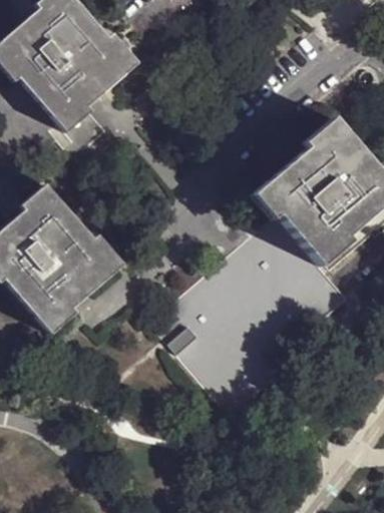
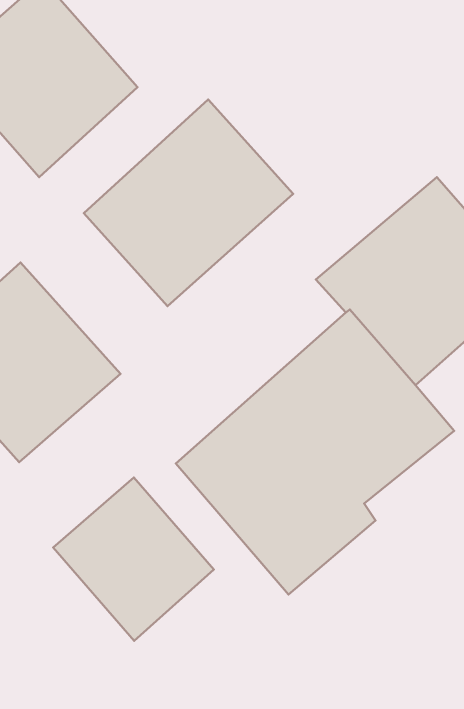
building: none -> [84,99,293,306]
building: none -> [53,478,214,641]

